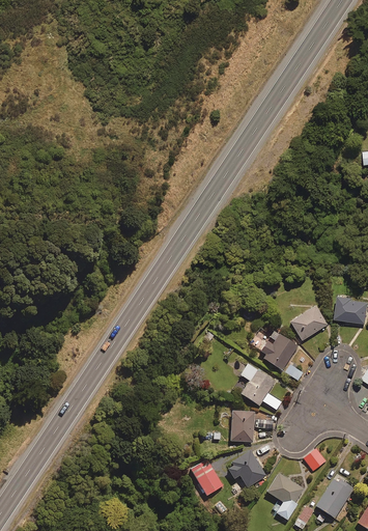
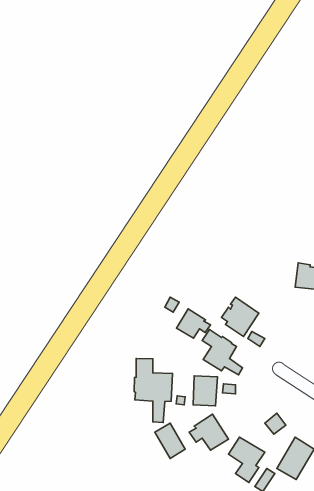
building: [289,305,328,341] -> none
building: none -> [177,309,211,338]
building: none -> [134,358,172,422]

